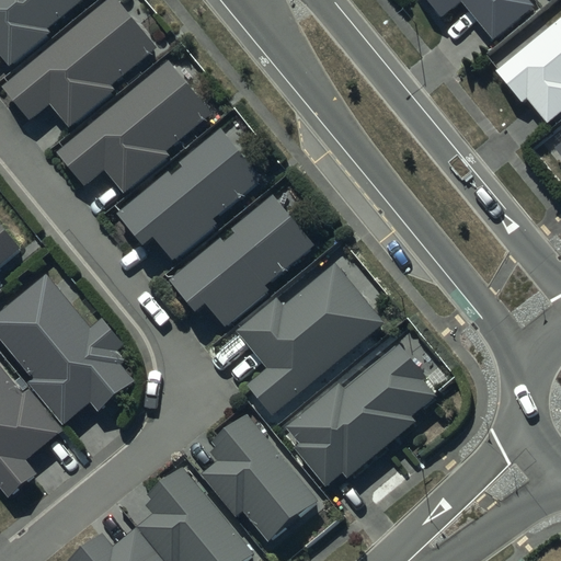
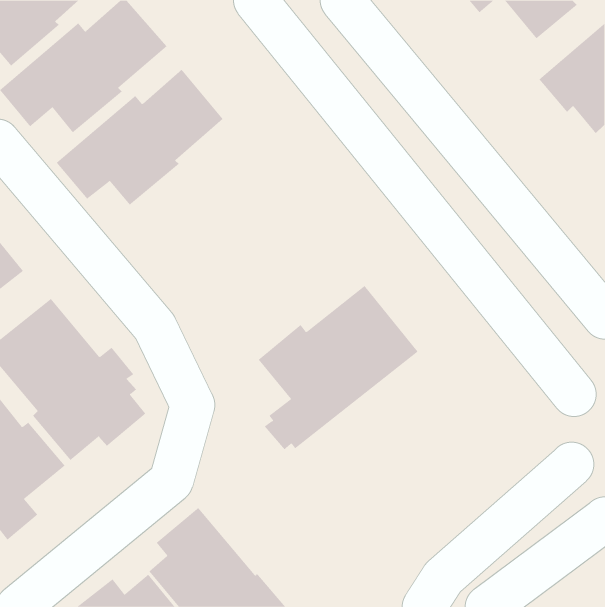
building: [108,126,264,252] -> none
building: [159,192,314,318] -> none
building: [286,344,436,486] -> none
building: [203,414,324,550] -> none

